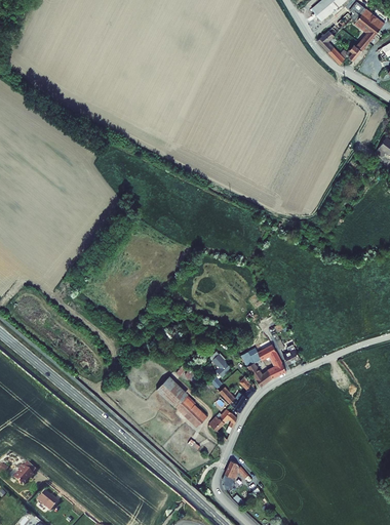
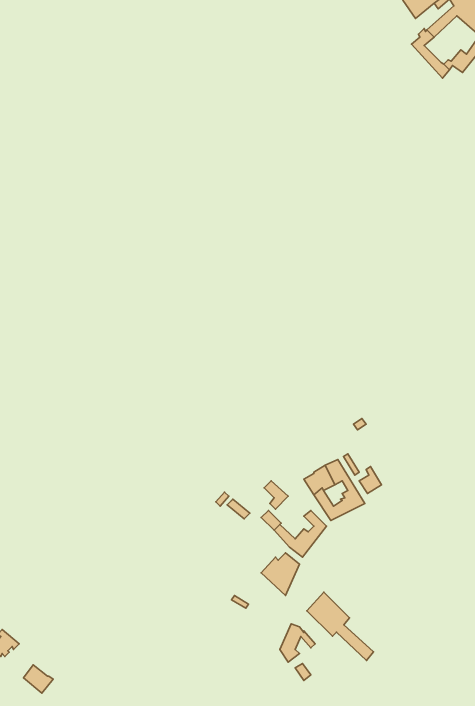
building: [156,374,204,423] -> [307,592,373,660]

